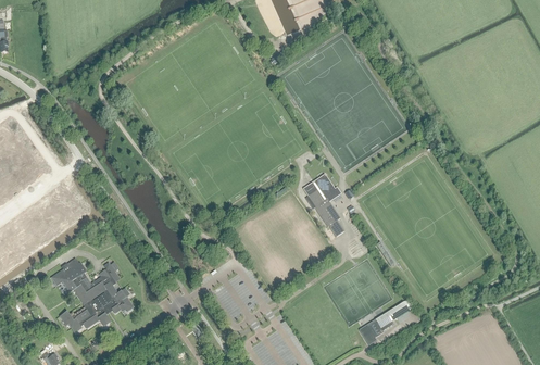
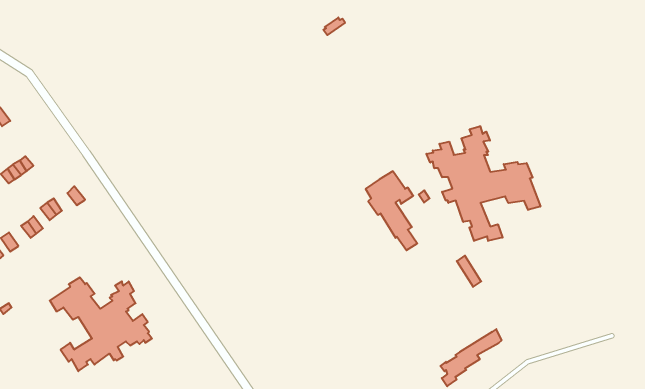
building: none -> [426,126,540,241]

